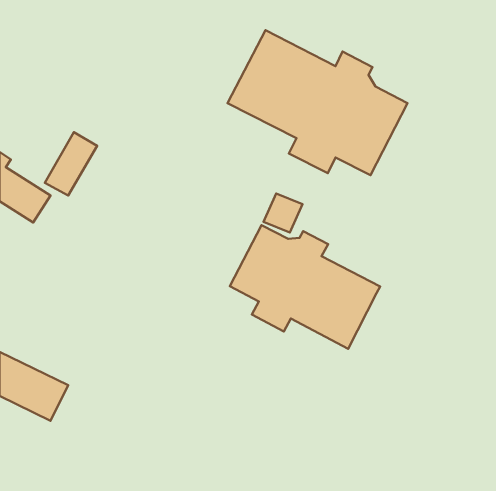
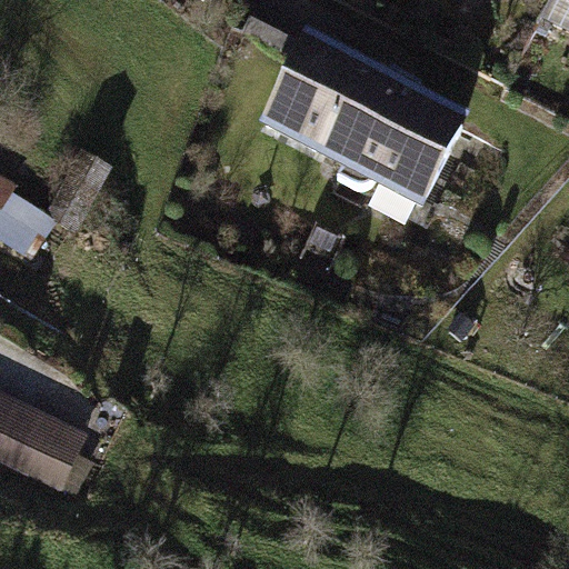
building: [230,225,380,349] -> none

